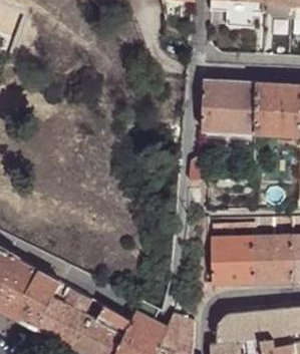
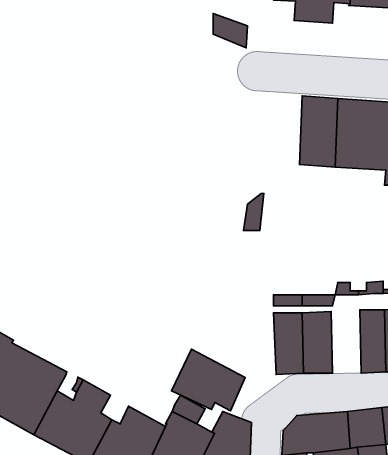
building: [204,79,233,130] -> none
building: [254,237,276,283] -> none
building: none -> [171,349,245,411]

